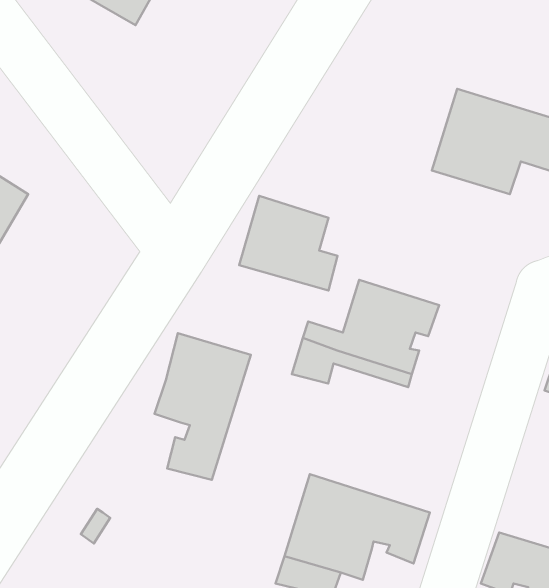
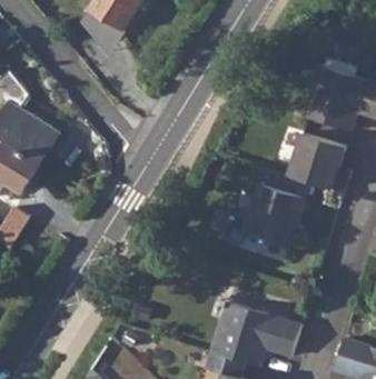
building: [239,196,337,290] -> [289,133,349,191]
building: [154,333,251,480] -> none

